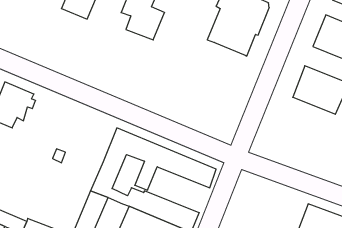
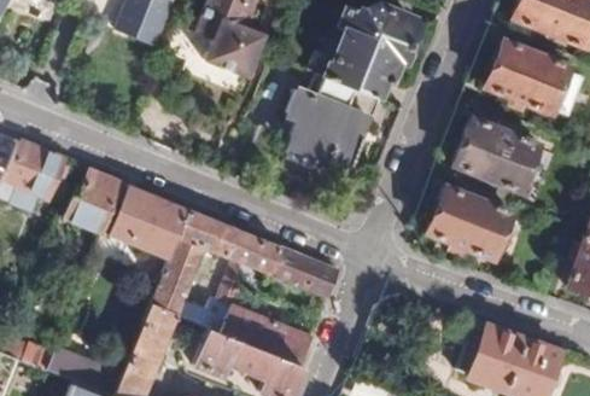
building: none -> [292,75,384,169]
building: none -> [66,170,125,233]
building: none -> [112,187,192,261]
building: none -> [427,191,509,262]

